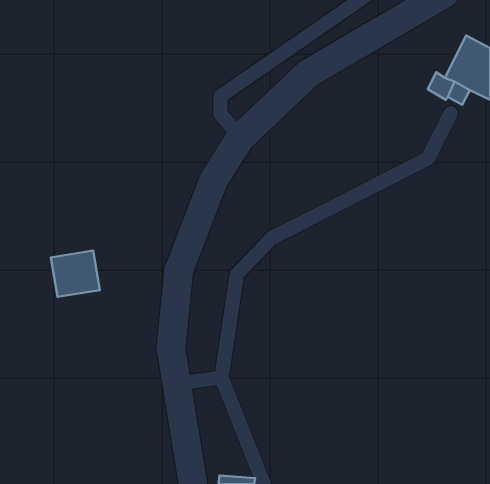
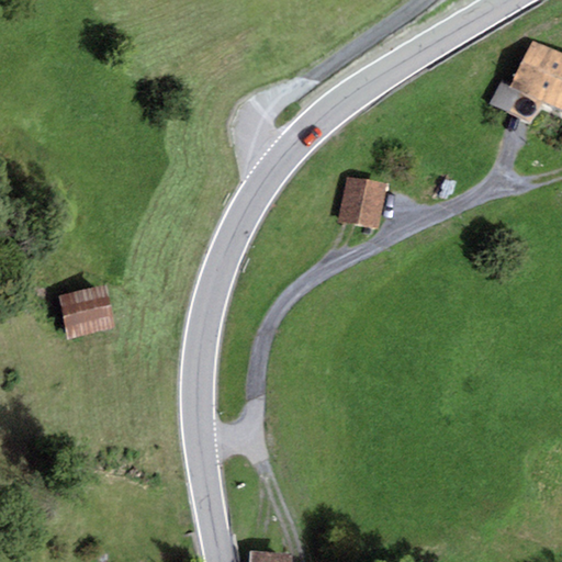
building: none -> [337,175,387,226]

